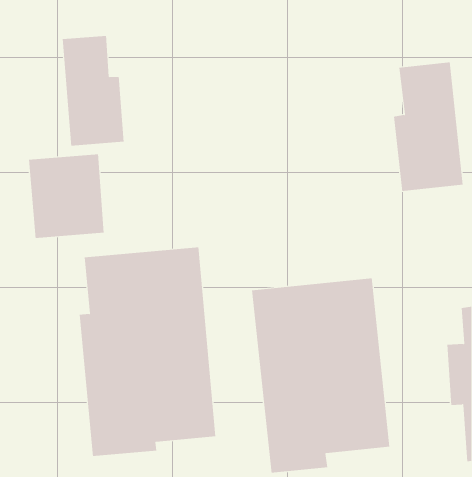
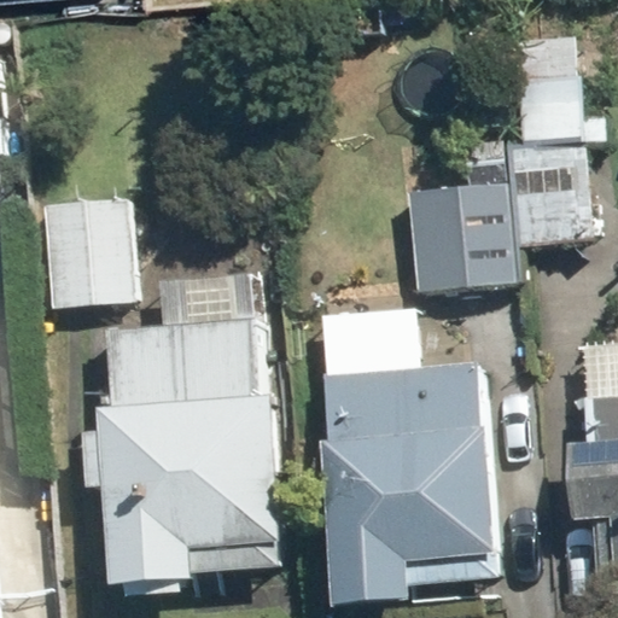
building: [62,35,124,146] -> none
building: none -> [404,181,512,290]

